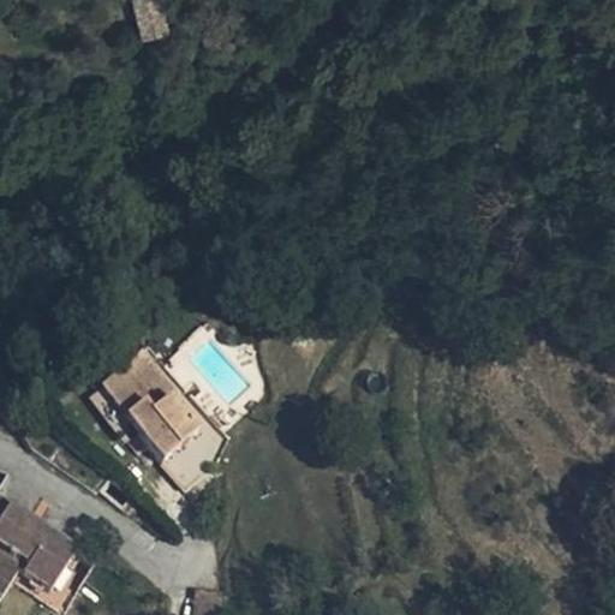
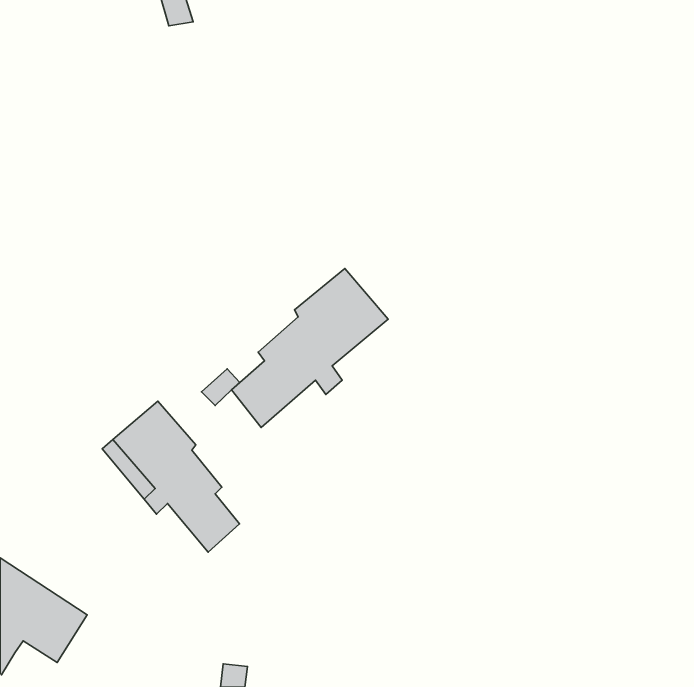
building: none -> [232,268,388,427]

